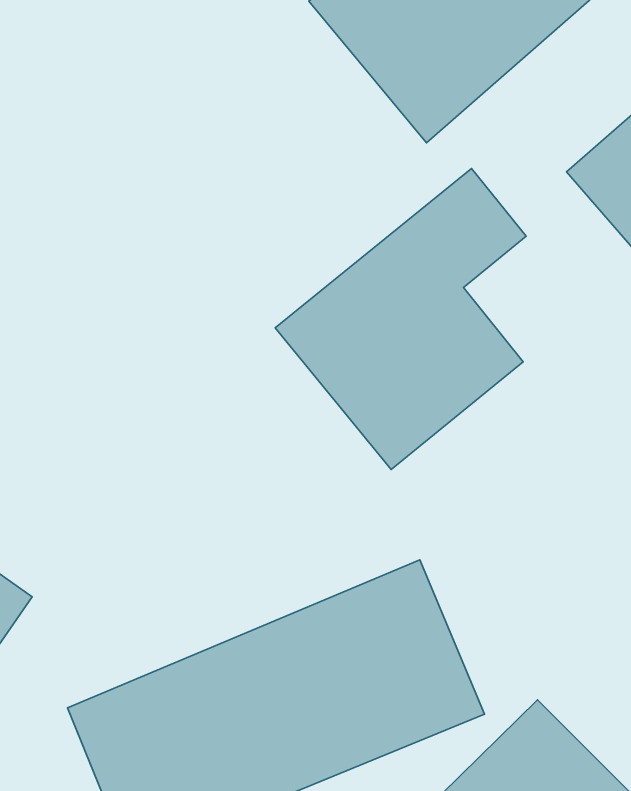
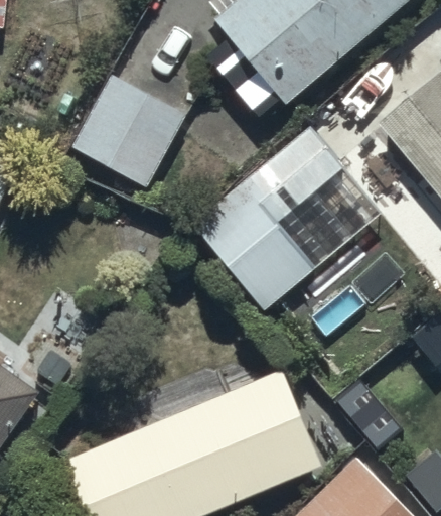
building: none -> [68,71,187,189]

